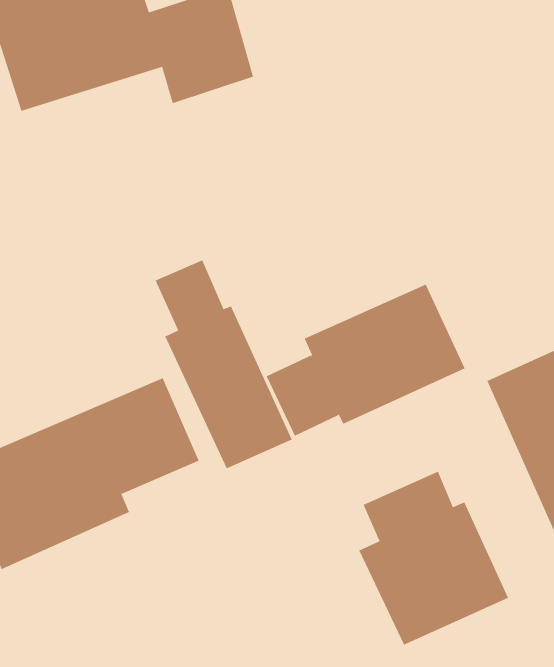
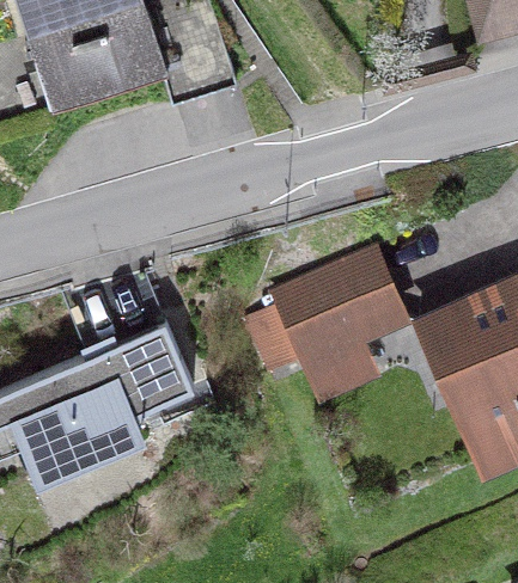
building: [155,260,292,469] -> none
building: [358,471,509,646] -> none

